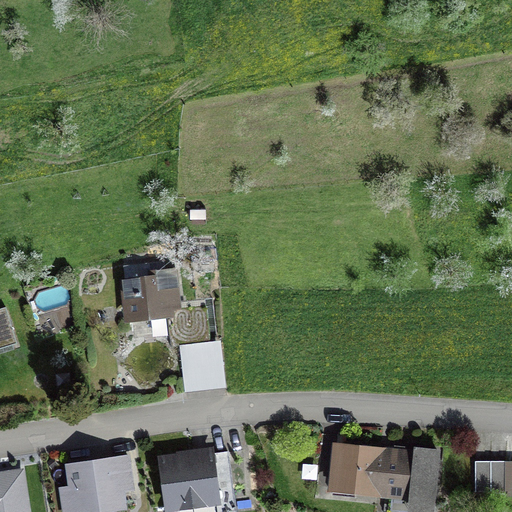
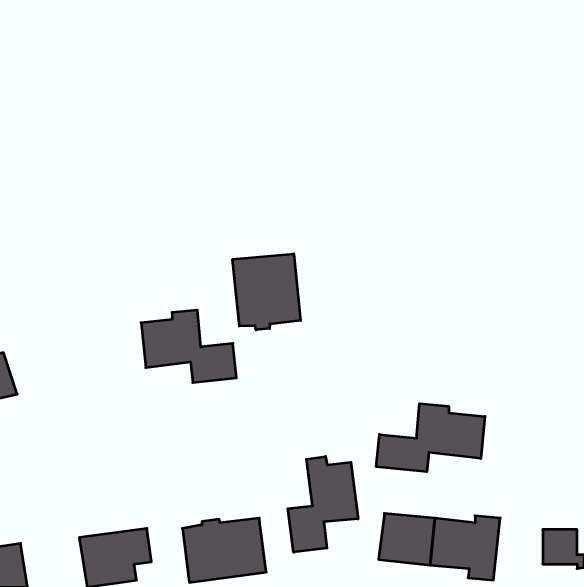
building: none -> [233,254,301,330]
building: none -> [376,404,485,472]
building: none -> [288,456,358,552]

